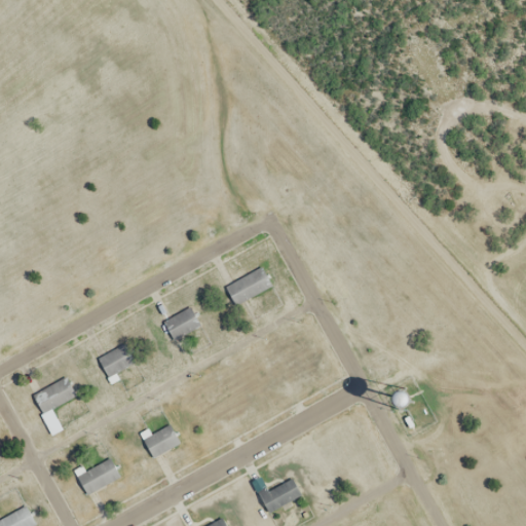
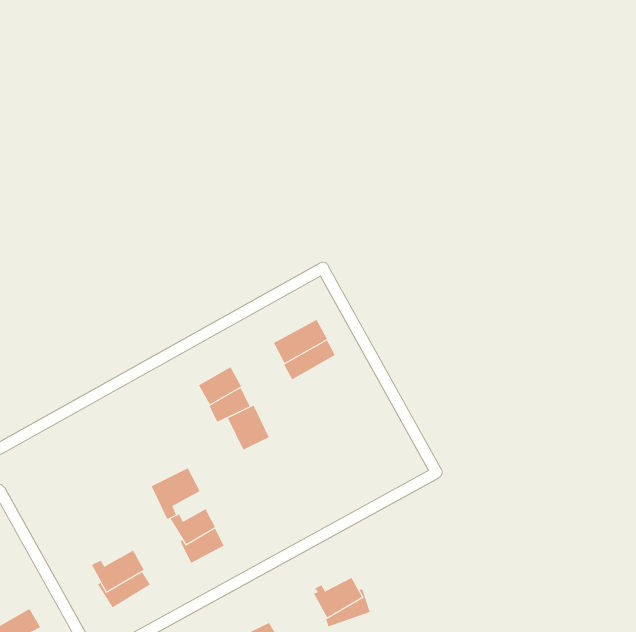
building: none -> [227,405,270,450]
building: [96,341,137,384] -> [151,468,201,520]
building: [29,375,75,434] -> none

